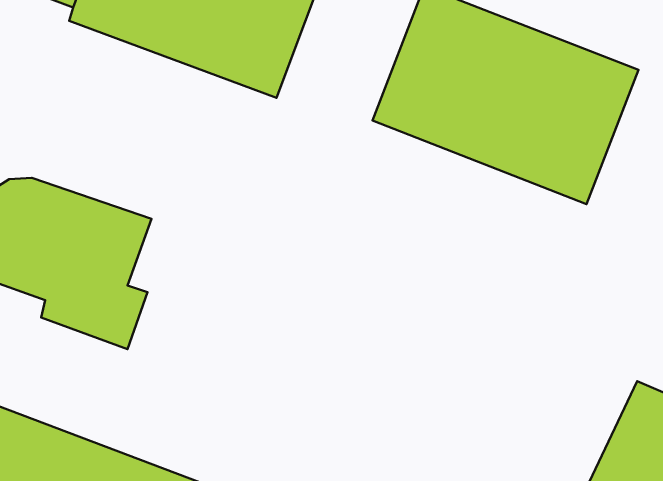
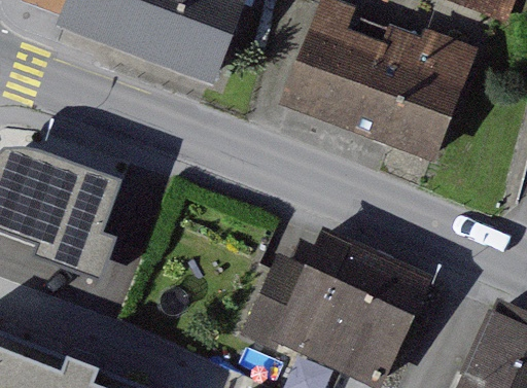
building: none -> [273,234,424,380]

